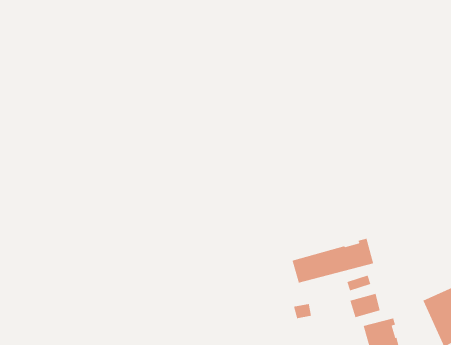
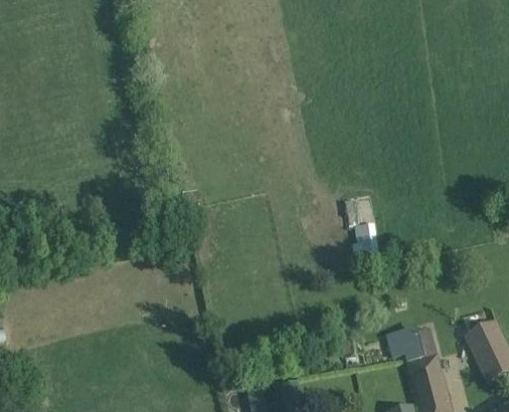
building: none -> [352,222,377,254]
building: [292,238,374,284] -> none

